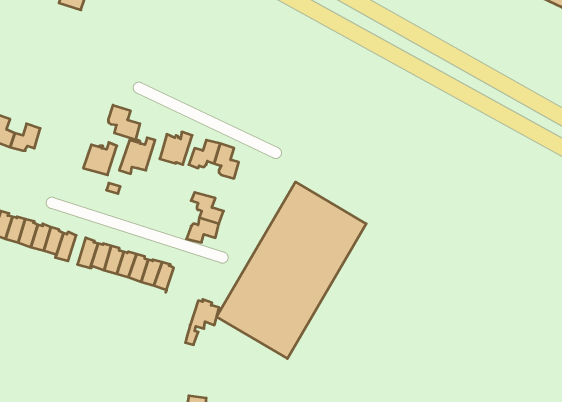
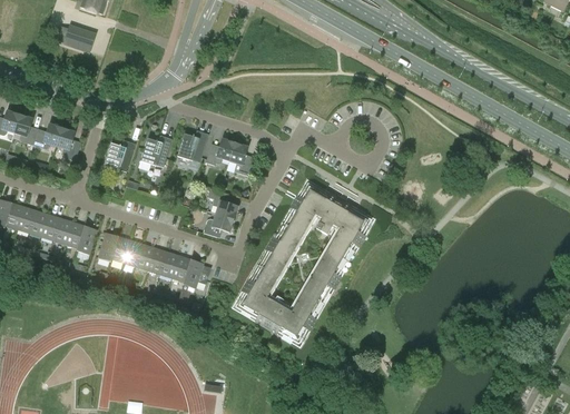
building: none -> [56,24,96,52]
building: [108,105,140,140] -> none
building: none -> [57,127,80,160]
building: [185,299,219,345] -> [178,259,210,303]

